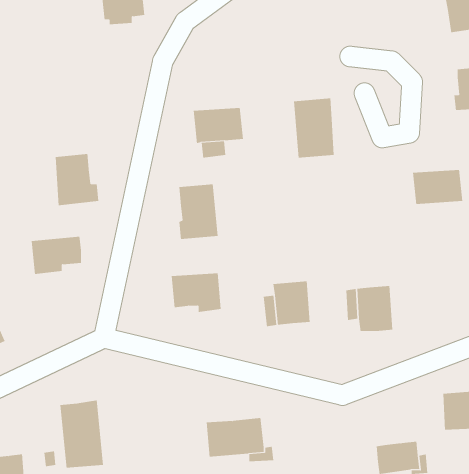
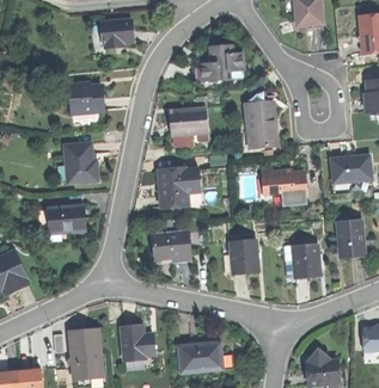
building: none -> [201,43,243,80]
building: none -> [69,84,103,113]
building: none -> [261,168,305,196]
building: none -> [336,220,362,257]
building: none -> [120,322,154,369]

